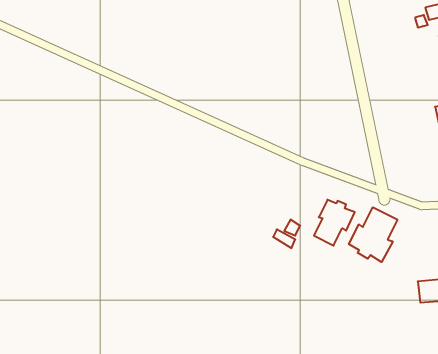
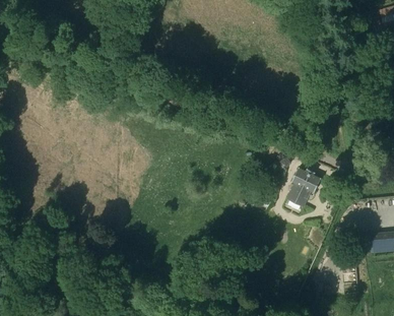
building: [349,207,397,262] -> none

